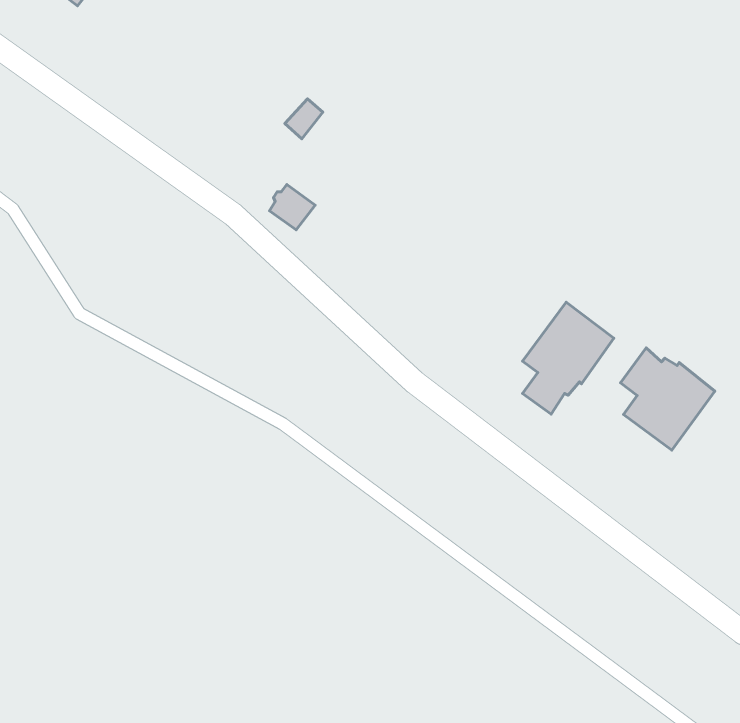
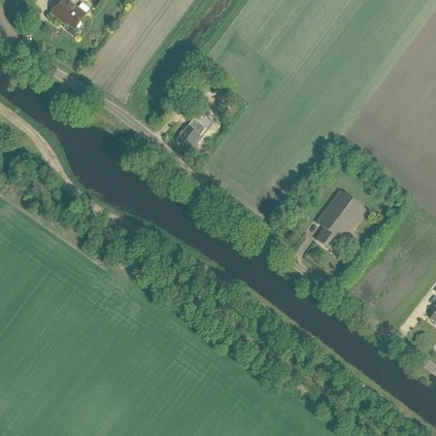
building: [620,348,715,450] -> none

